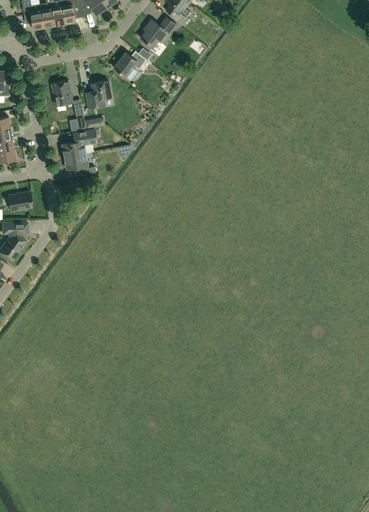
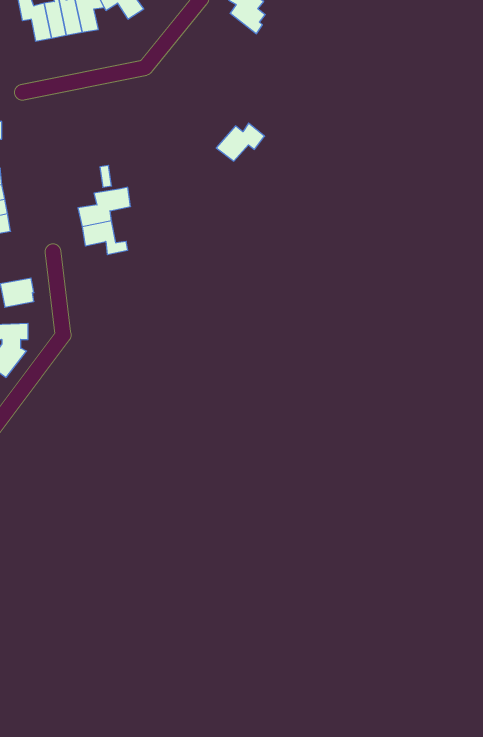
building: [140,16,177,47] -> none
building: [113,50,146,76] -> [216,123,265,161]
building: [86,80,111,108] -> none
building: [52,81,72,105] -> none

